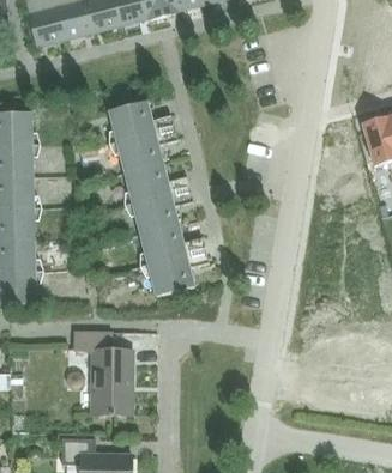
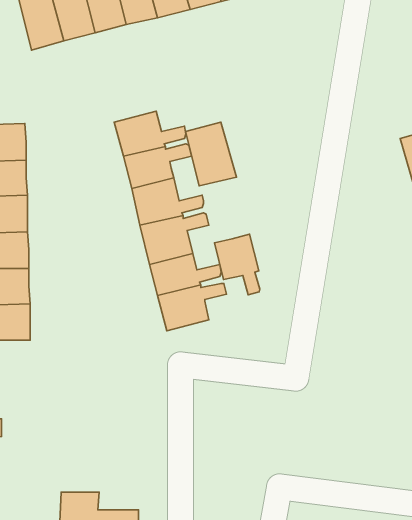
building: none -> [185,122,237,186]
building: none -> [214,234,260,295]
building: [72,331,133,416] -> none

